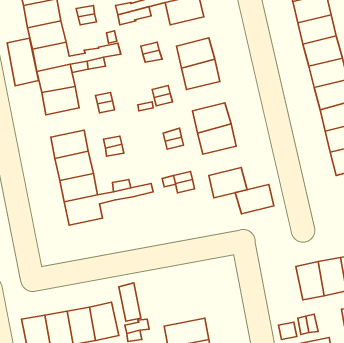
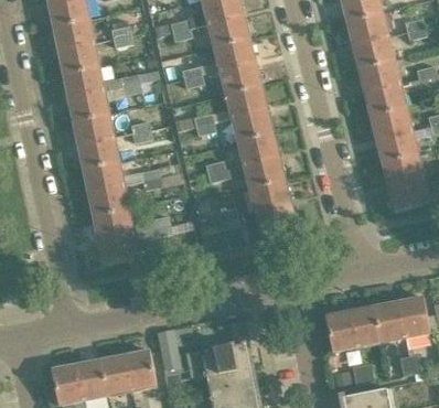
building: none -> [212,39,254,71]
building: [7,38,39,86] -> none
building: none -> [229,109,271,141]
building: none -> [76,138,118,170]
building: [235,185,274,214] -> [247,180,289,212]
building: none -> [324,311,356,352]
building: none -> [201,340,249,376]

